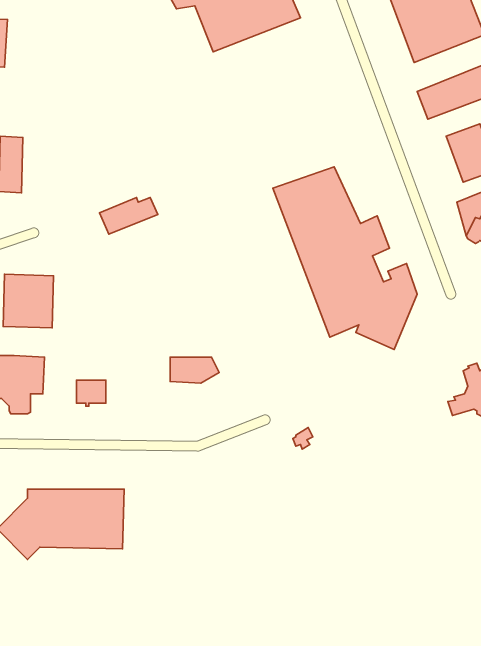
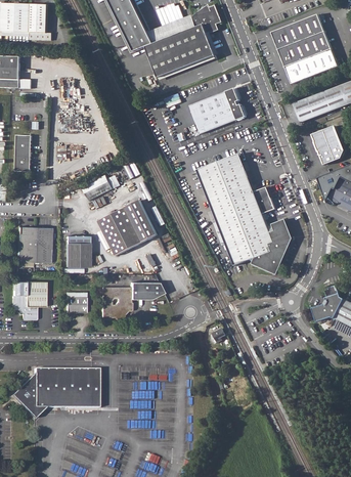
building: none -> [189,88,246,134]
building: none -> [98,200,158,255]
building: none -> [65,235,88,266]
building: none -> [100,287,130,318]

